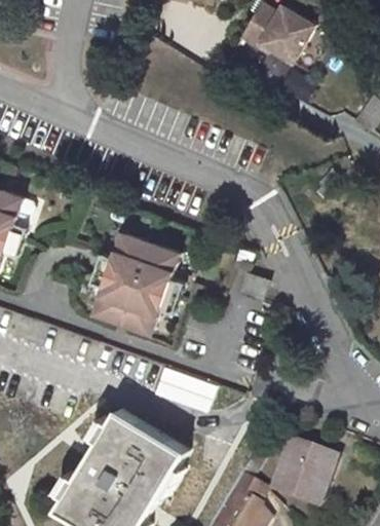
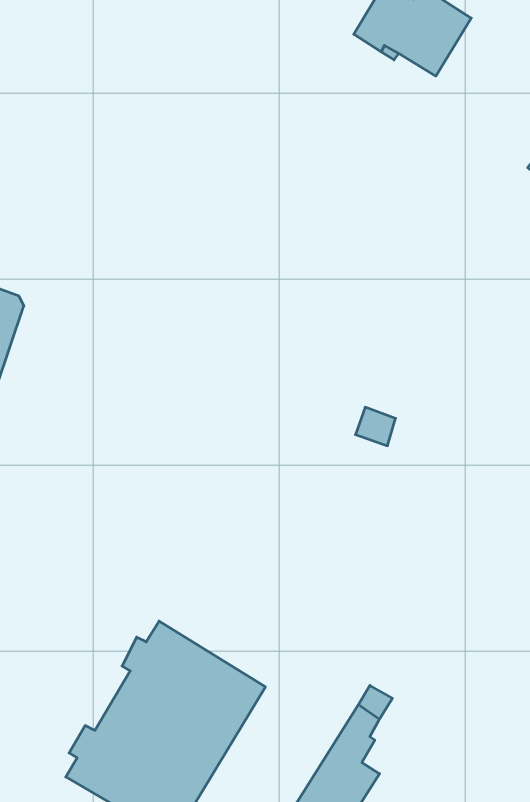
building: [88,233,179,333] -> none
building: [274,441,338,506] -> none

